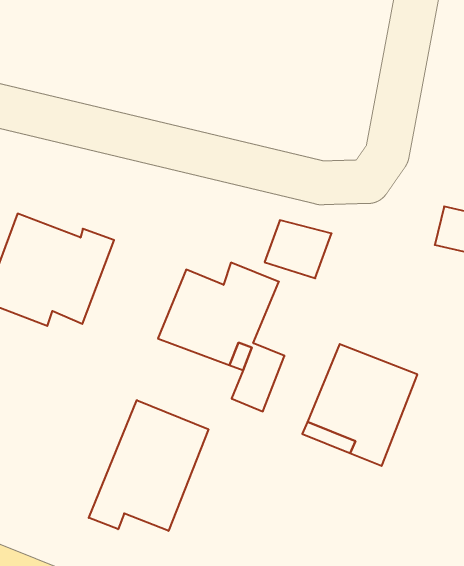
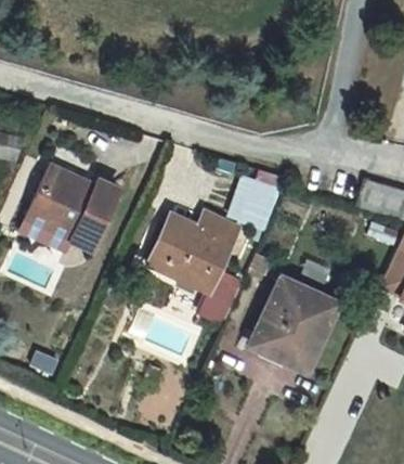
building: [89,400,208,531] -> none

